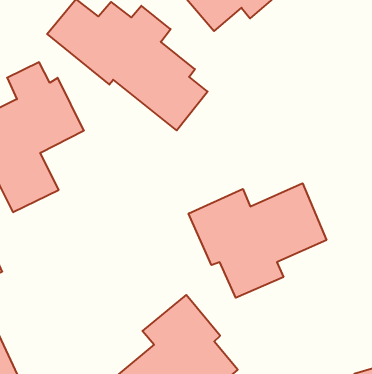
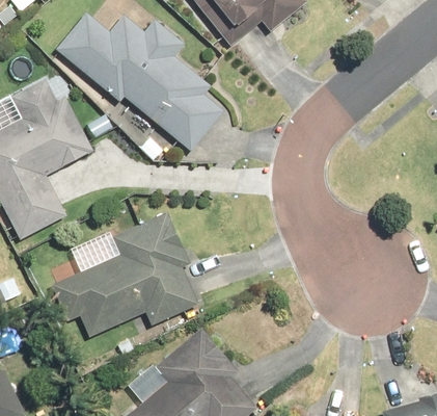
building: [189,183,326,298] -> none
building: none -> [52,212,198,338]

